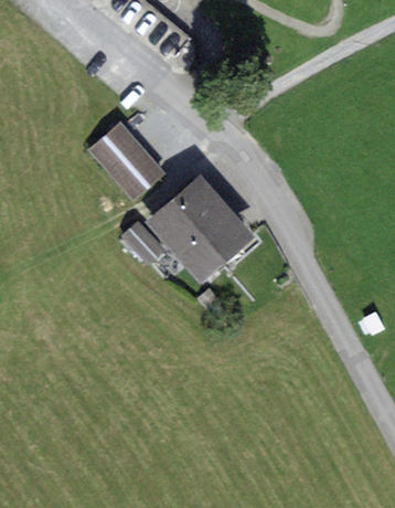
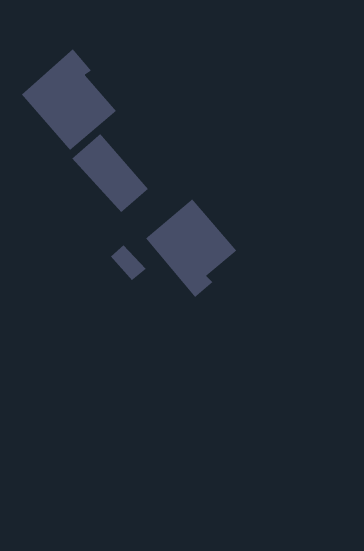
building: none -> [21,49,117,151]

